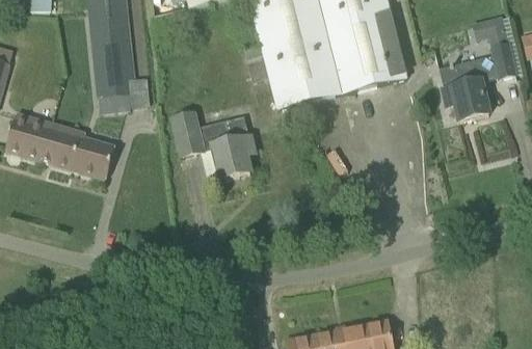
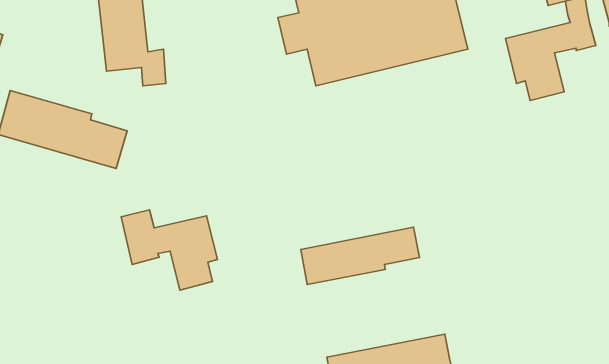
building: [171,110,254,179] -> [121,210,218,290]
building: none -> [301,227,420,284]

